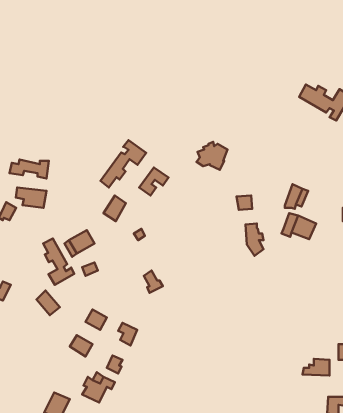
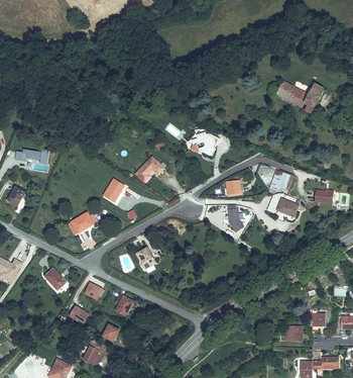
building: [101,140,146,187] -> none
building: [16,188,47,208] -> none
building: [43,238,74,285] -> none

